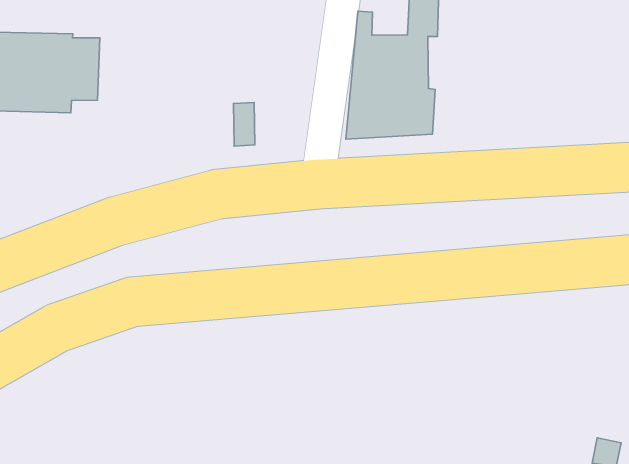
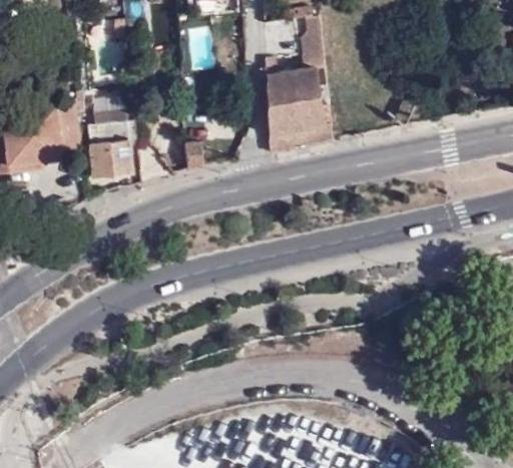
building: none -> [87,110,128,170]

